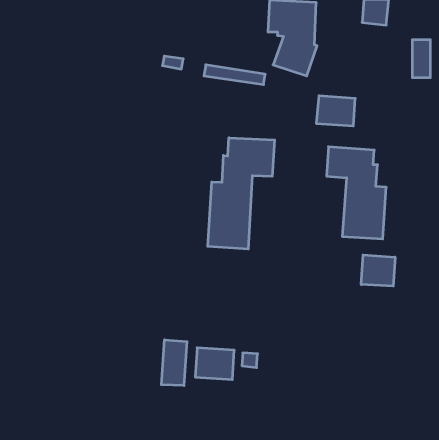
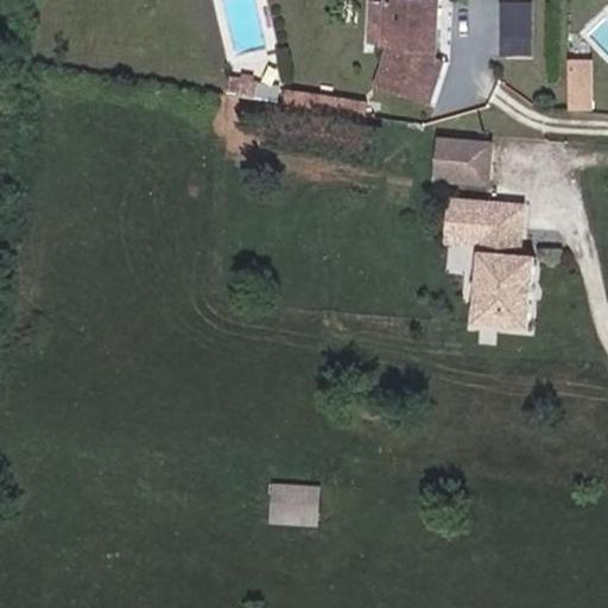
building: [208,138,275,249] -> none
building: [361,255,395,286] -> none
building: [161,340,187,386] -> none

